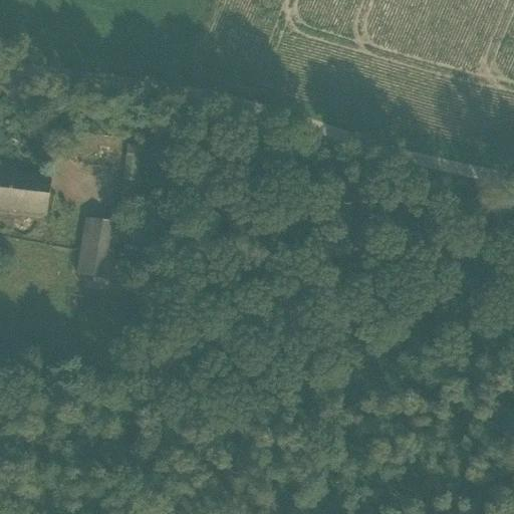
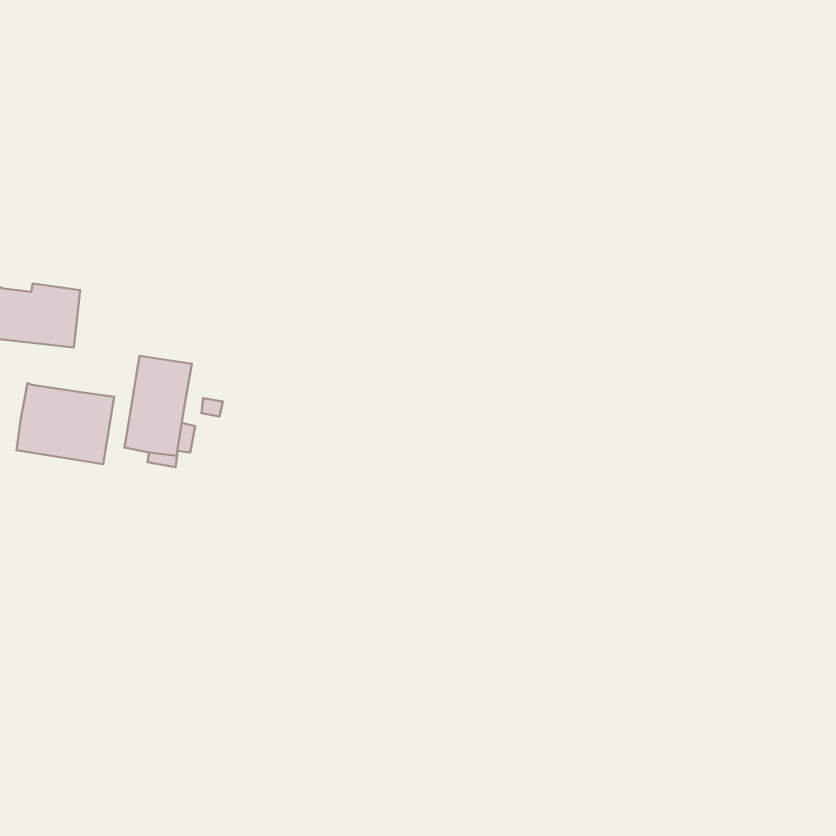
building: none -> [16,383,114,464]

